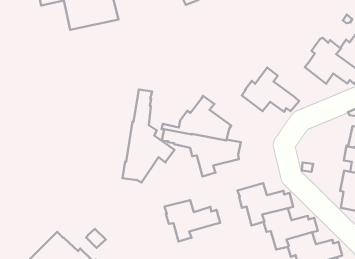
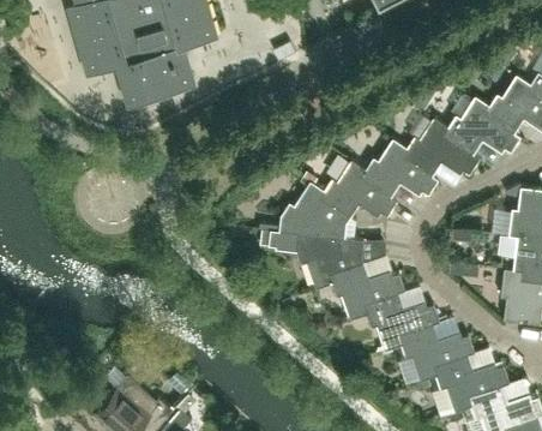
building: none -> [403,120,480,178]
building: none -> [320,162,397,221]
building: [123,90,175,183] -> none
building: [165,200,220,242] -> [330,265,405,322]

